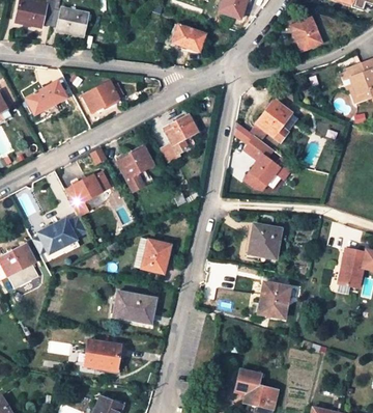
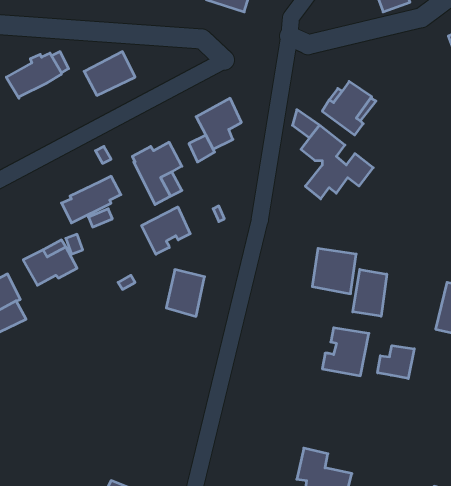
building: none -> [142,207,190,254]
building: none -> [353,269,387,316]
building: [113,290,155,323] -> none
building: none -> [378,346,414,379]
building: [83,339,120,370] -> none

